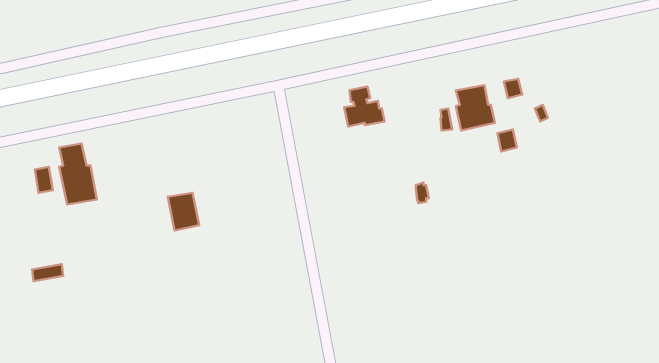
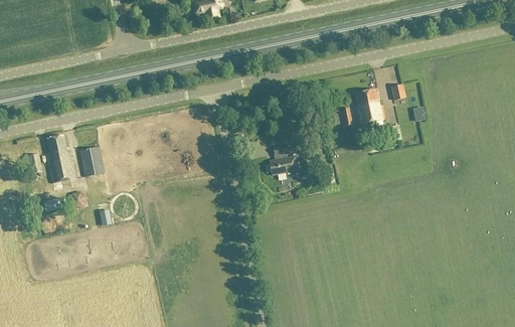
building: [344,86,384,127] -> [270,143,301,174]
building: [168,193,199,230] -> [80,146,105,175]

